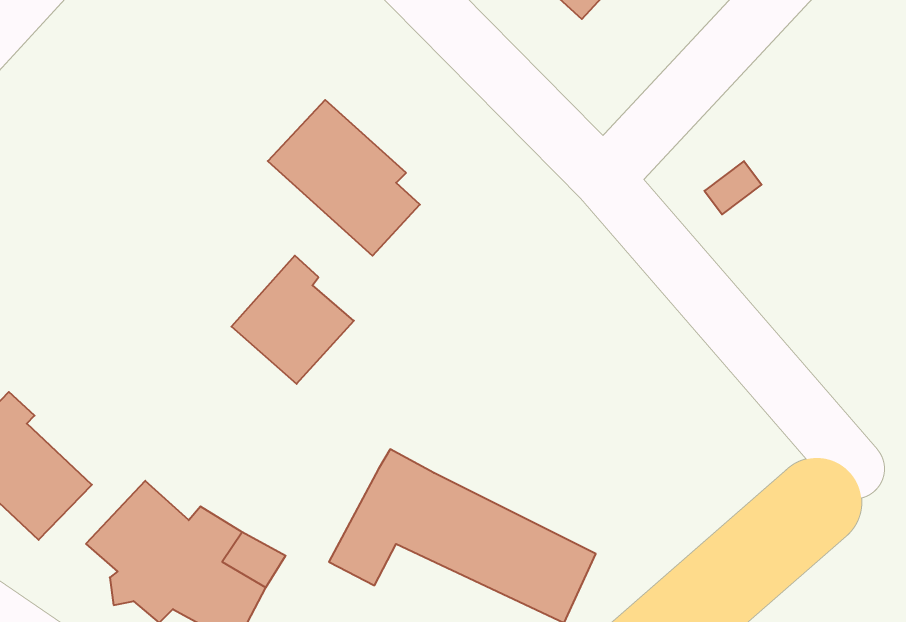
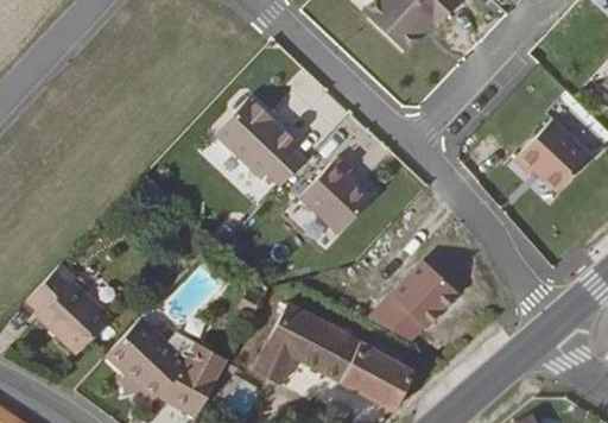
building: none -> [513,118,590,191]
building: [231,256,354,384] -> [300,152,374,229]
building: none -> [380,248,470,339]

